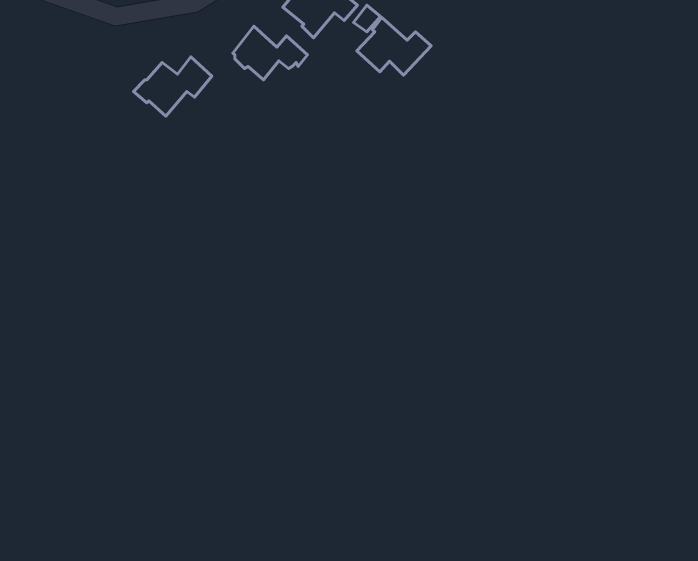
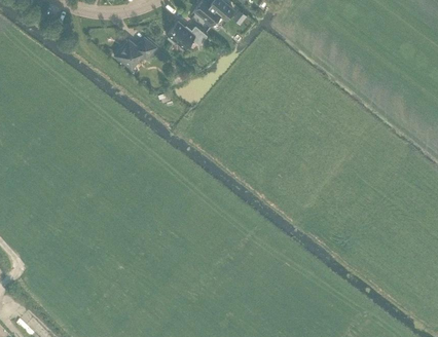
building: [357,18,431,75] -> none

